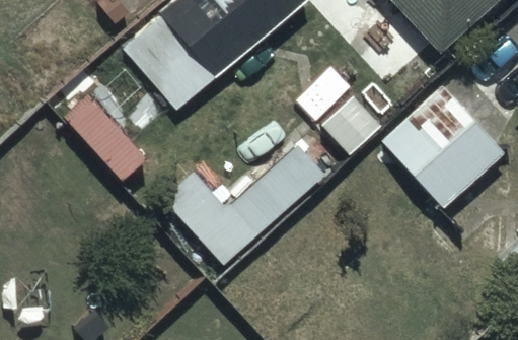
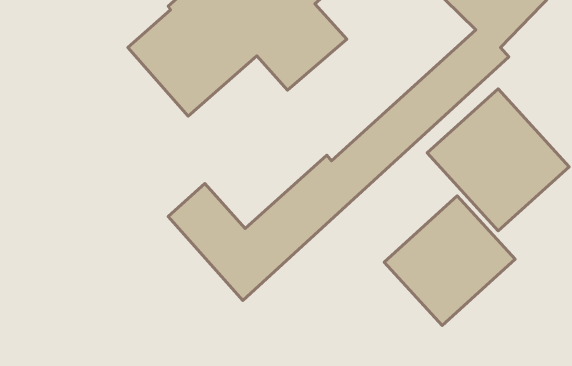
building: none -> [384,196,515,325]

